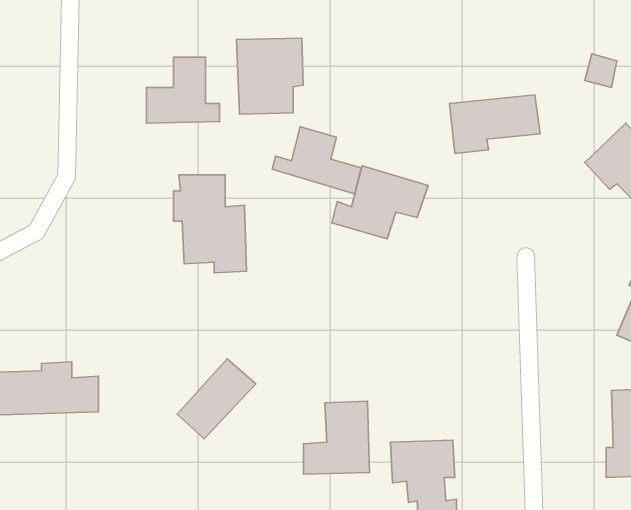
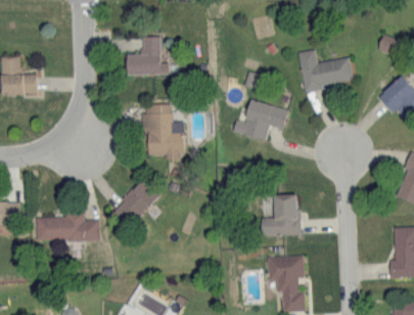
building: [236,38,303,114] -> none
building: [272,127,361,194] -> none
building: [177,359,256,439] -> [113,180,158,226]
building: [304,401,369,474] -> [262,194,300,236]

